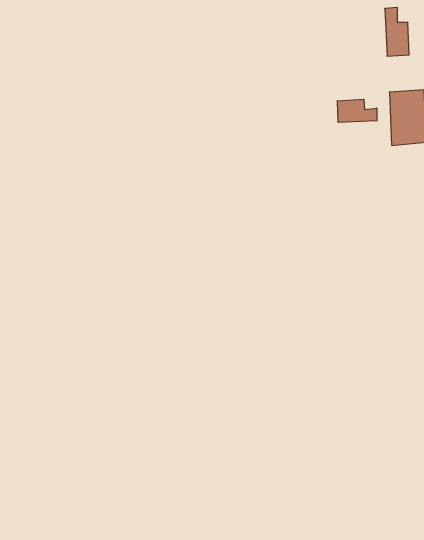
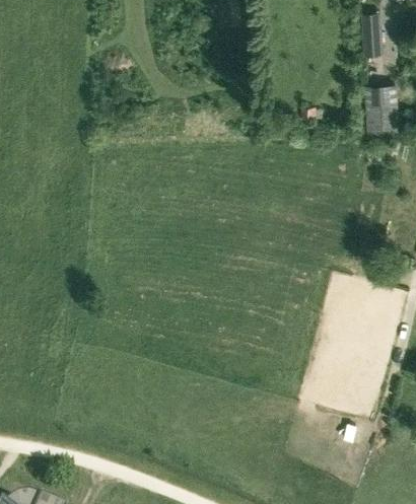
building: [337,99,377,122] -> none

